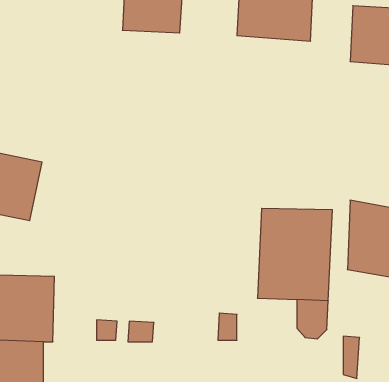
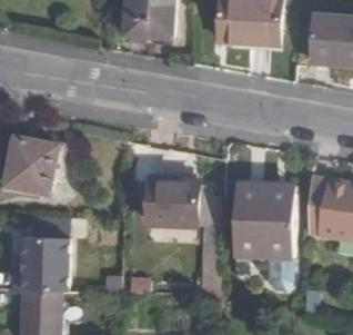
building: none -> [149,180,198,226]

